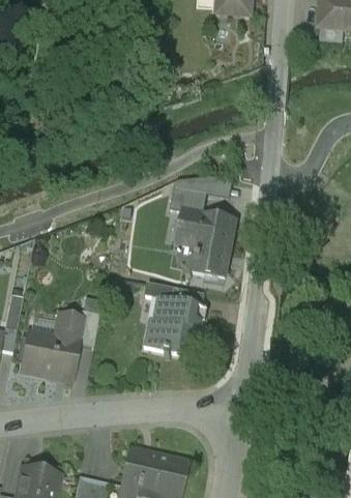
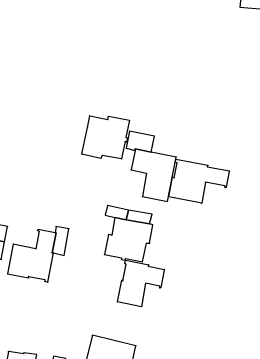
building: none -> [82,116,129,159]
building: none -> [169,159,230,203]
building: none -> [117,260,164,307]

